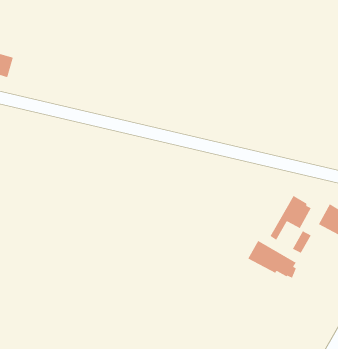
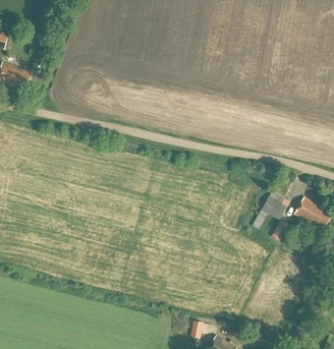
building: [247,240,297,279] -> none

